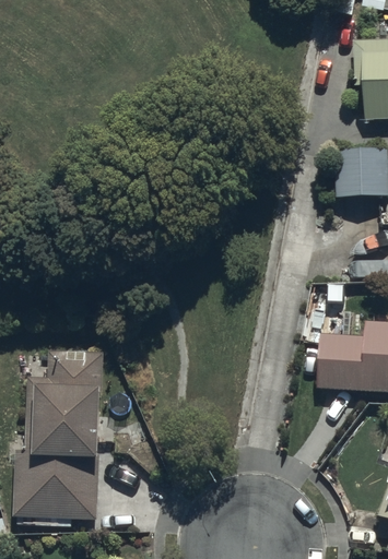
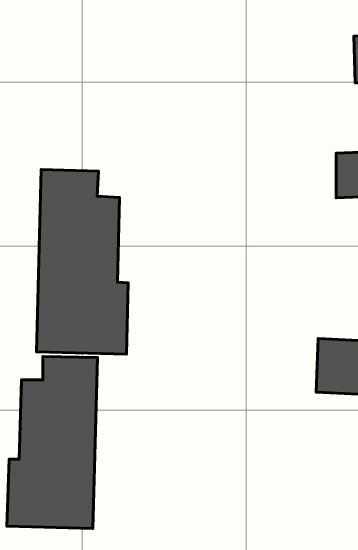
building: none -> [37,169,128,354]

